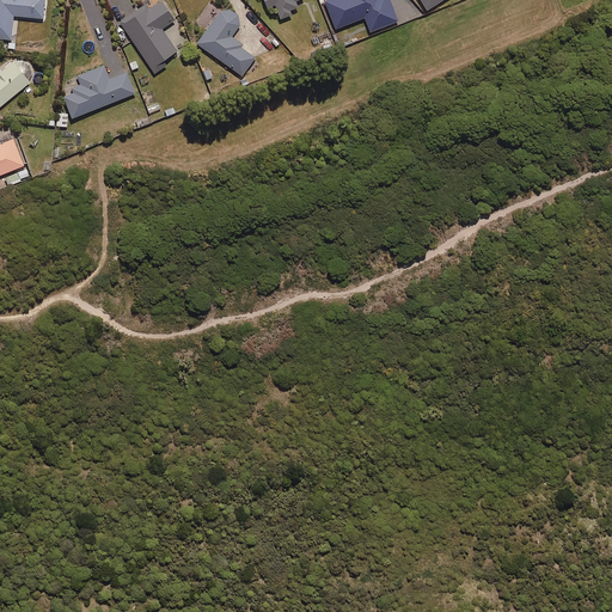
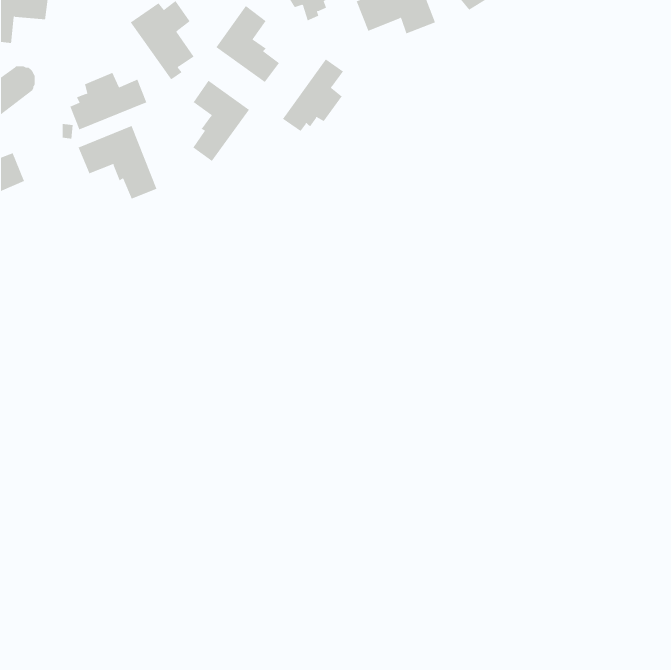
building: none -> [282,59,344,132]
building: none -> [192,80,250,162]
building: none -> [78,125,157,200]

